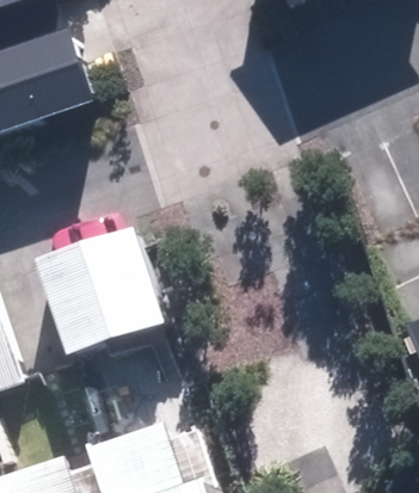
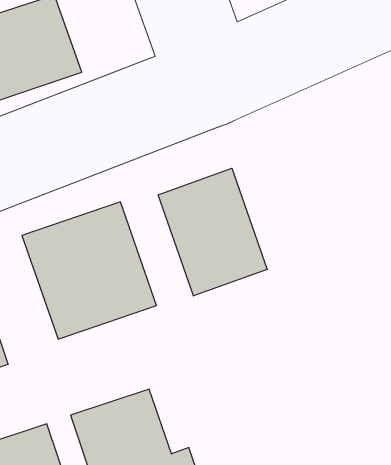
building: none -> [158,168,267,296]

